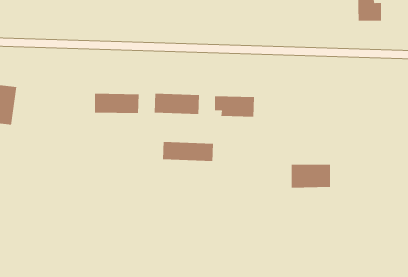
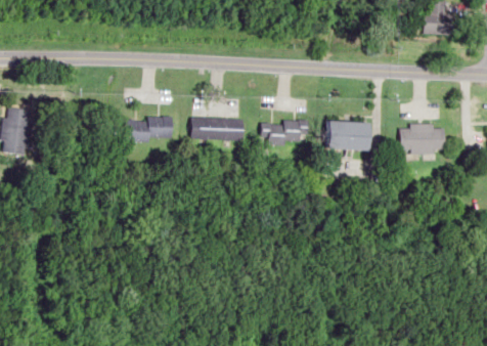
building: none -> [400,124,445,150]
building: [163,141,214,162] -> none
building: [291,164,331,188] -> [326,121,372,148]

